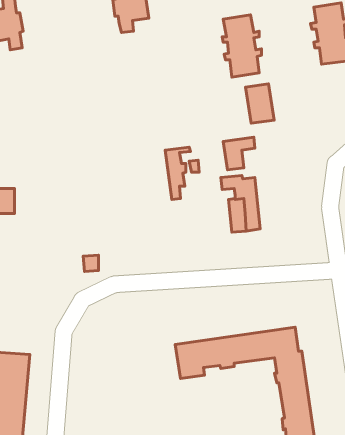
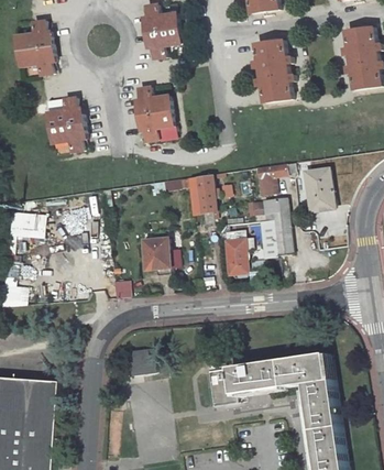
building: none -> [133,85,172,139]
building: none -> [46,96,84,151]
building: [246,84,274,123] -> [307,172,336,211]
building: none -> [223,230,246,274]
building: none -> [143,237,169,267]
building: none -> [128,349,155,375]

